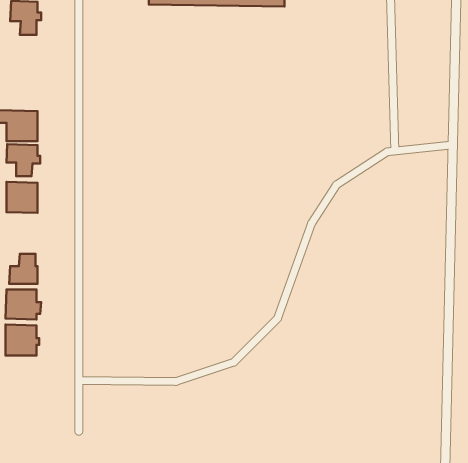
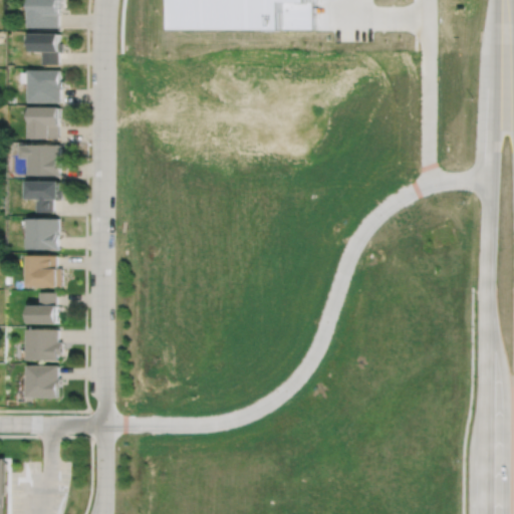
building: none -> [26,69,61,101]
building: none -> [28,105,57,139]
building: none -> [28,255,61,286]

